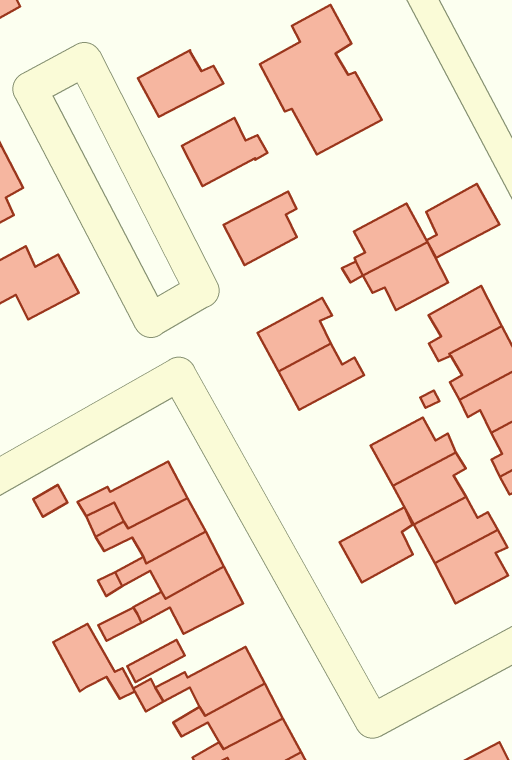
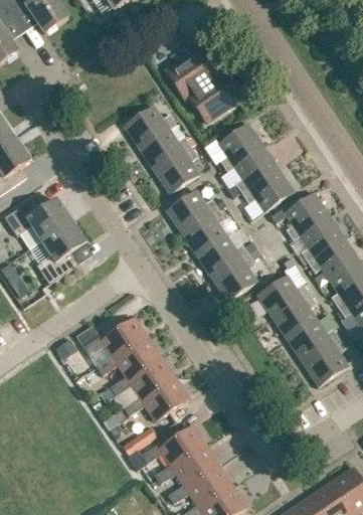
building: [138,50,223,117] -> [139,128,191,170]
building: [426,184,499,258] -> [218,123,263,170]
building: none -> [166,190,218,233]
building: none -> [36,220,84,284]
building: [339,507,413,583] -> [211,252,256,301]
building: [53,624,135,699] -> none

